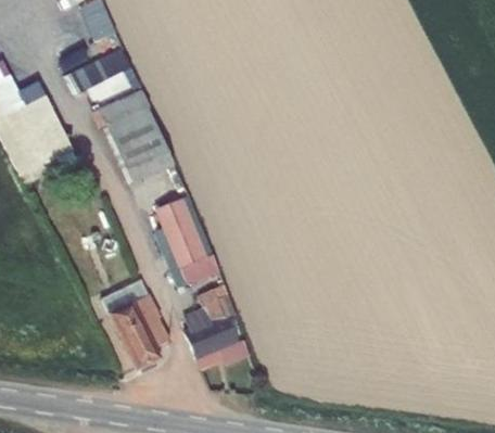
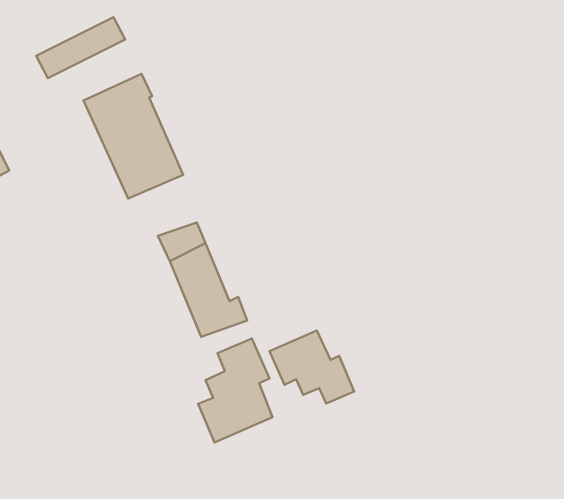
building: none -> [269,331,354,404]
building: [102,280,170,371] -> none

